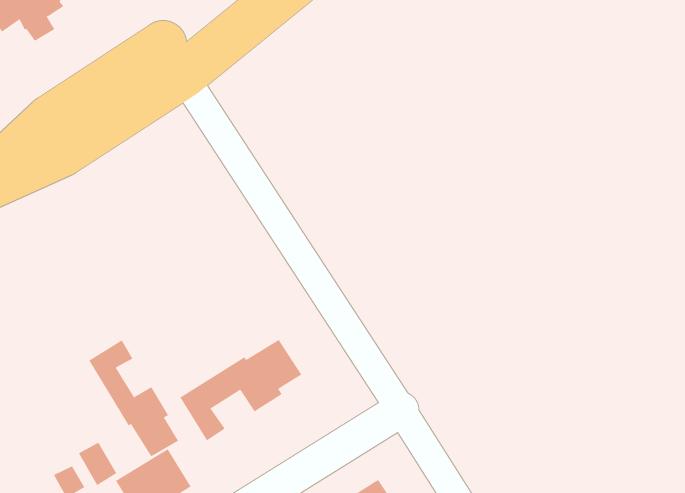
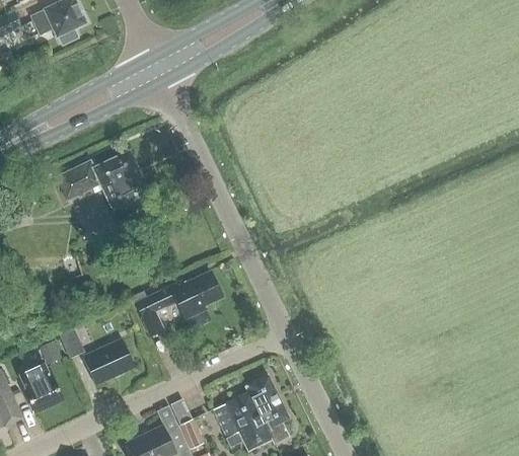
building: none -> [55,151,148,210]
building: [88,339,179,457] -> none

